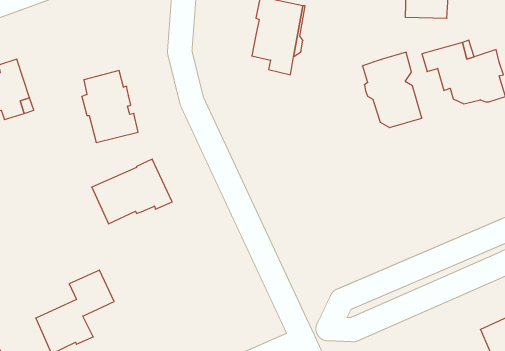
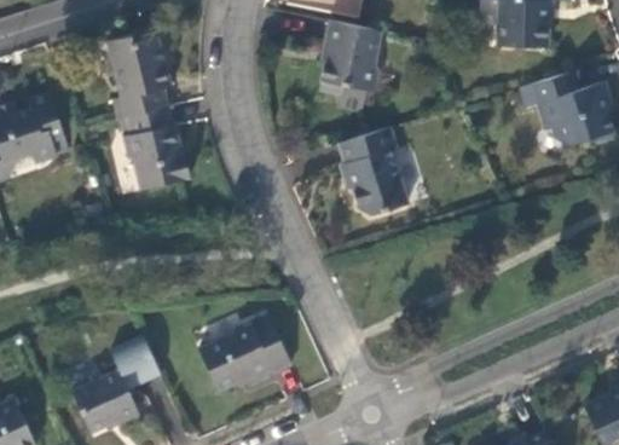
building: none -> [108,37,170,119]
building: [362,52,422,128] -> [339,127,407,214]
building: [92,159,172,224] -> [197,314,290,389]

